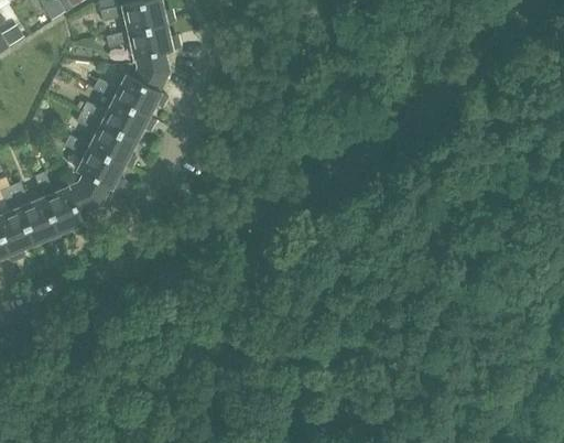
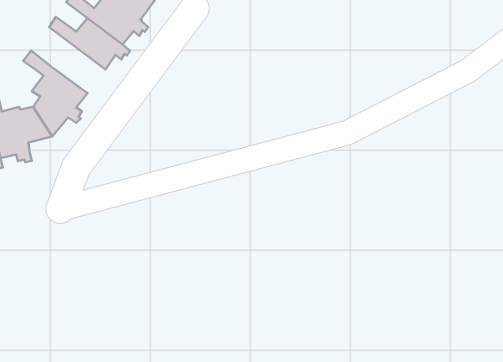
building: [76,111,137,168] -> none

